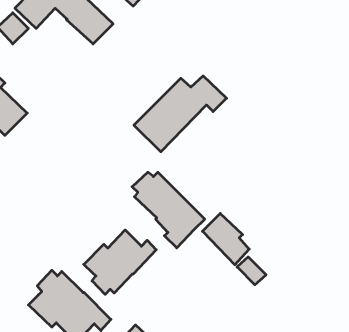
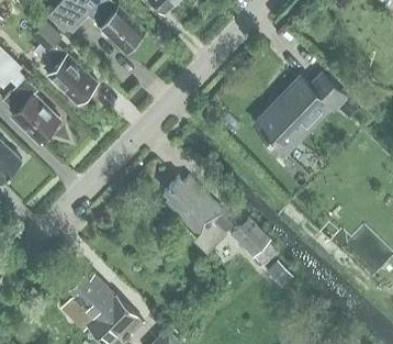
building: none -> [41,45,97,103]
building: [134,76,227,152] -> [254,75,345,149]
building: [84,230,156,294] -> none

